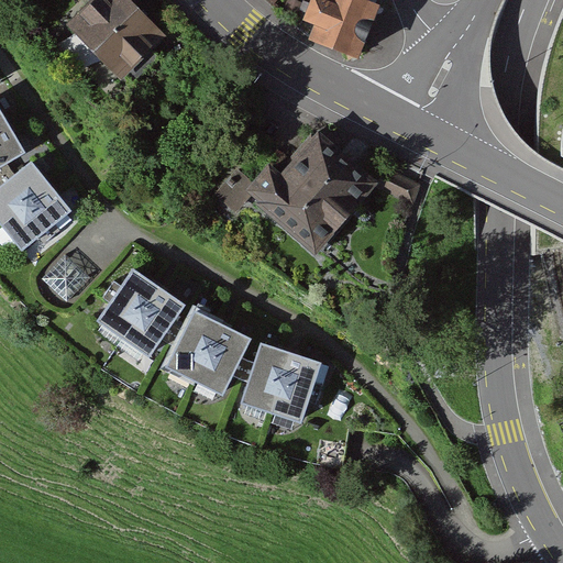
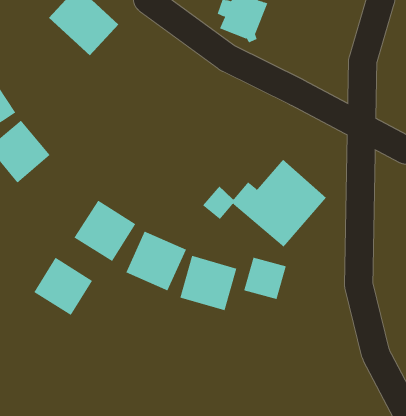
building: [211,130,379,250] -> [202,159,327,248]
building: none -> [243,257,286,300]
building: none -> [34,257,93,316]

